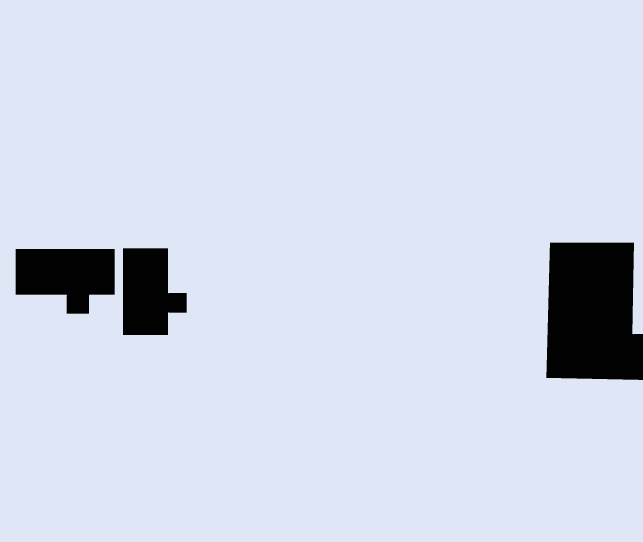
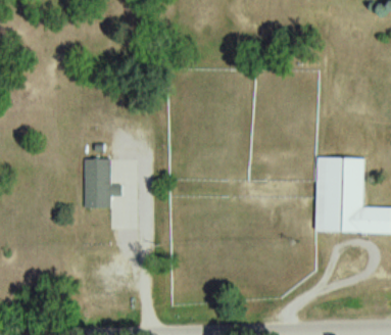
building: [15,248,115,315] -> none

